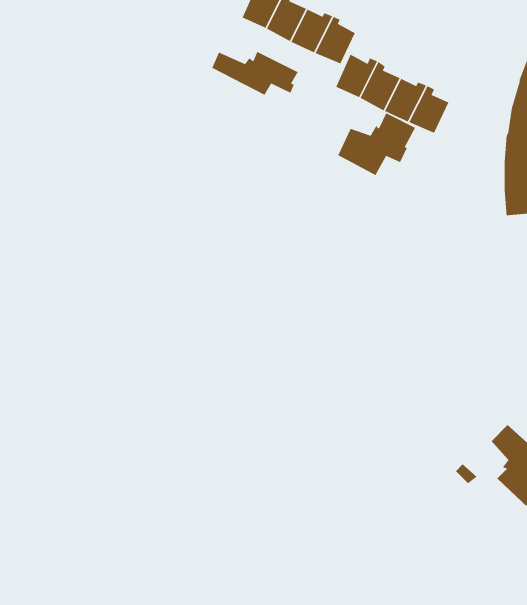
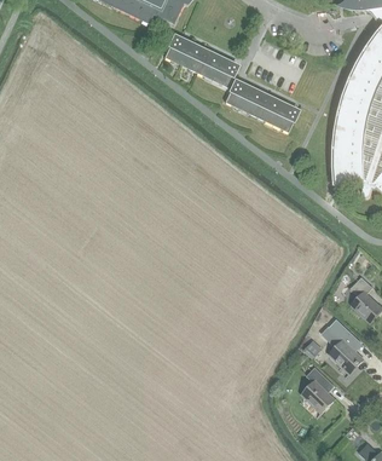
building: [211,51,301,96] -> none
building: [337,112,418,176] -> none
building: none -> [301,365,335,413]

